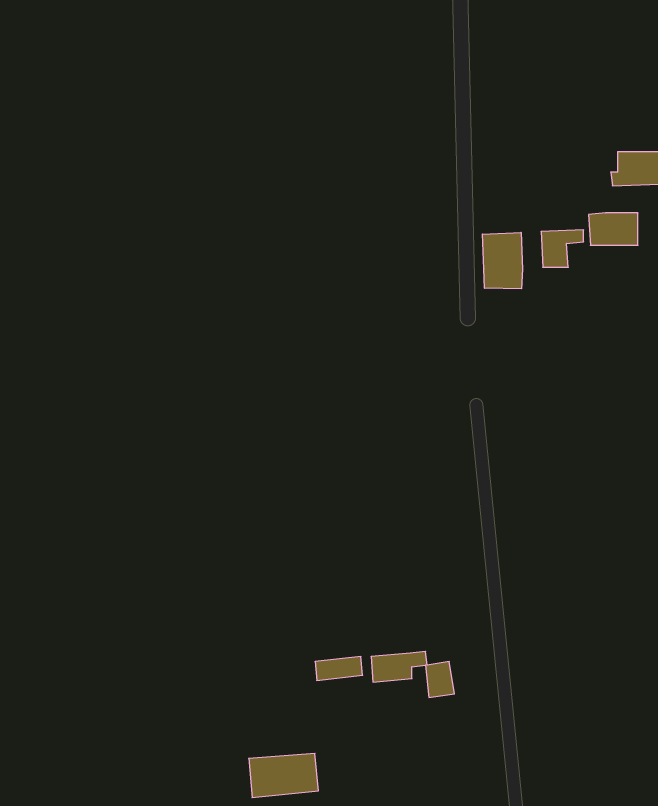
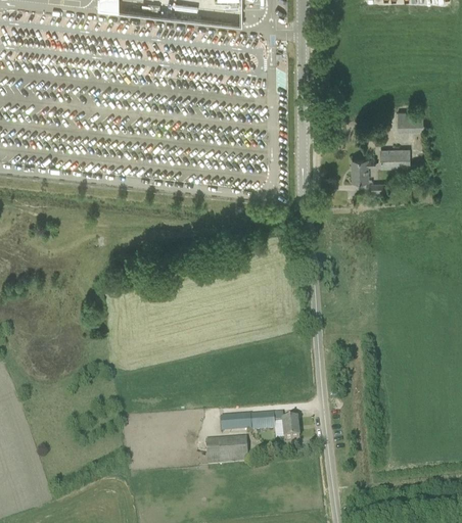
building: [482,232,523,289] -> none
building: [249,753,318,798] -> [205,437,247,464]

